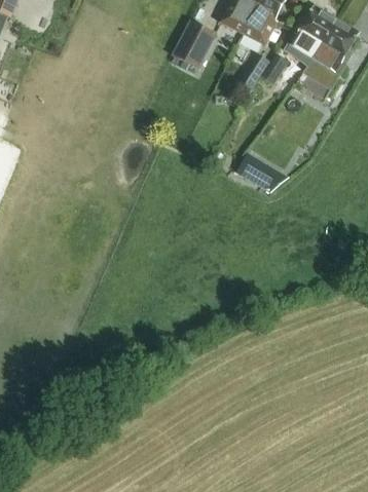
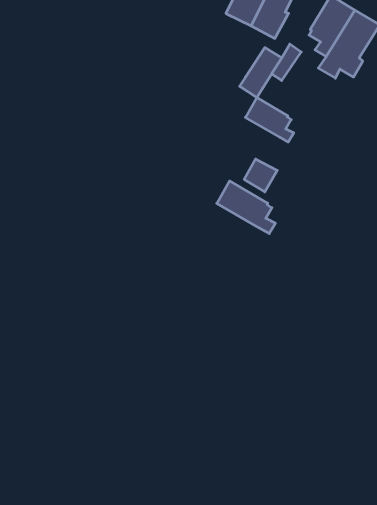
building: [171,21,215,68] -> none
building: none -> [245,98,294,142]
building: none -> [217,181,275,234]

